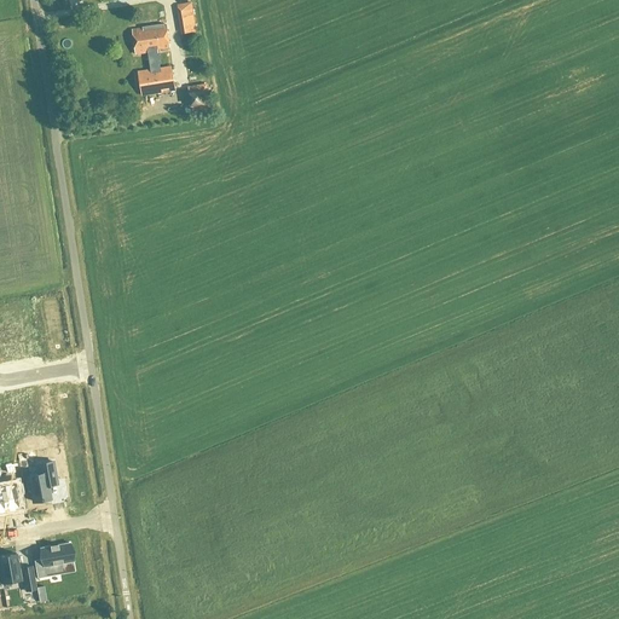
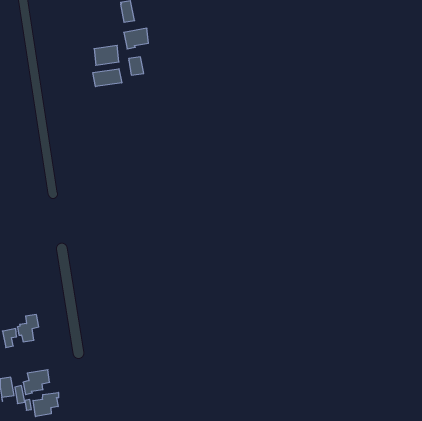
building: [132,24,168,54] -> [124,28,148,49]
building: none -> [93,69,122,87]
building: none -> [33,392,59,417]

